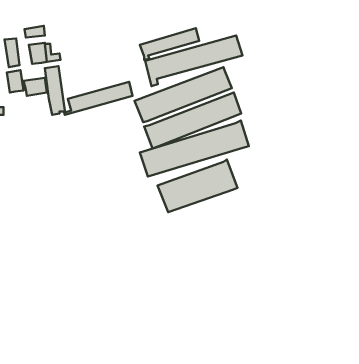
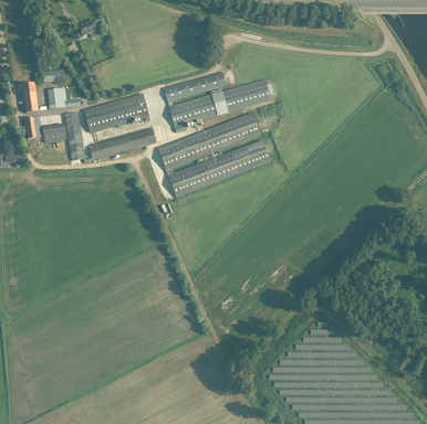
building: none -> [84,93,150,131]
building: [140,120,249,176] -> none
building: [158,159,238,212] -> none

